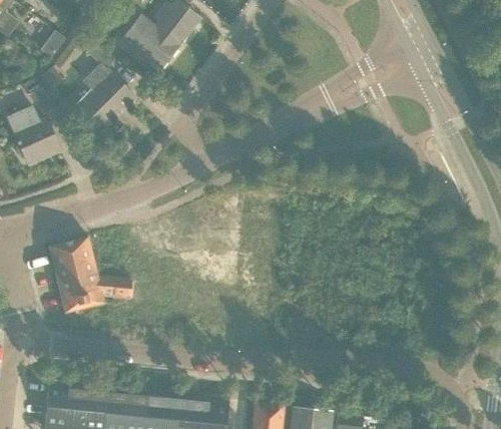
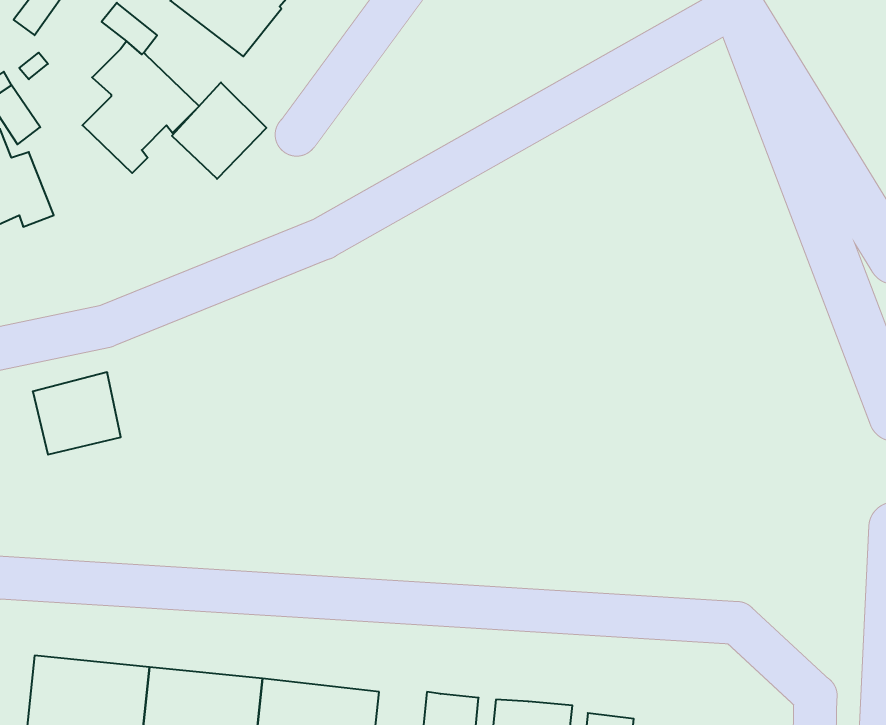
building: none -> [172,82,266,179]
building: [57,270,131,312] -> none

